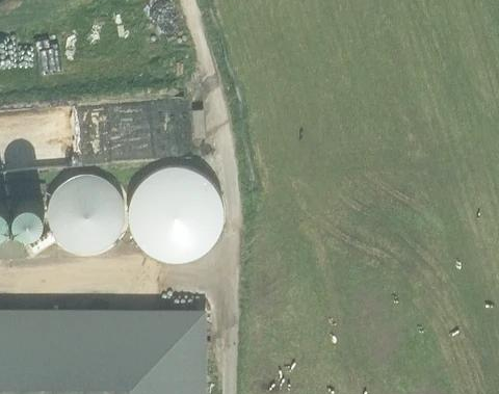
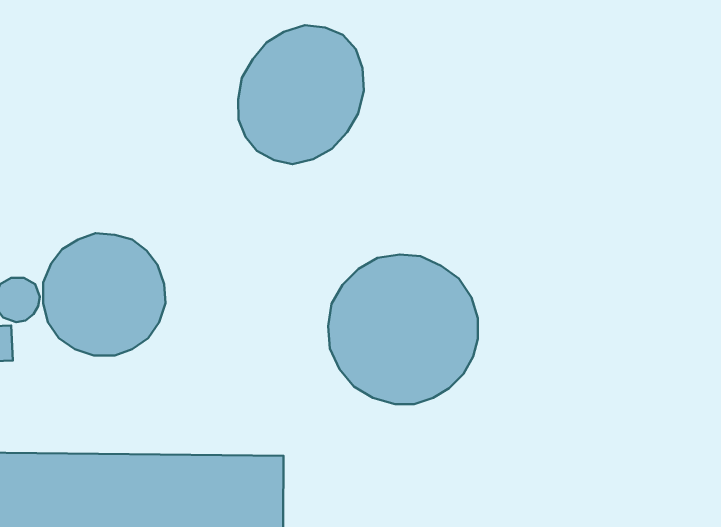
building: none -> [238,25,364,164]
building: [129,160,227,258] -> [328,255,478,404]

